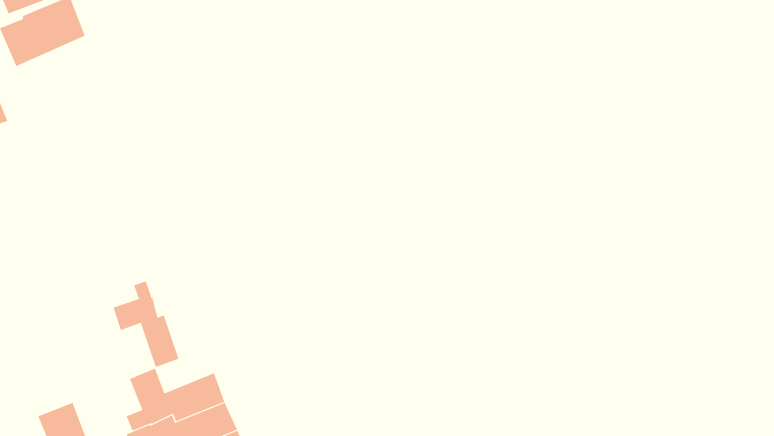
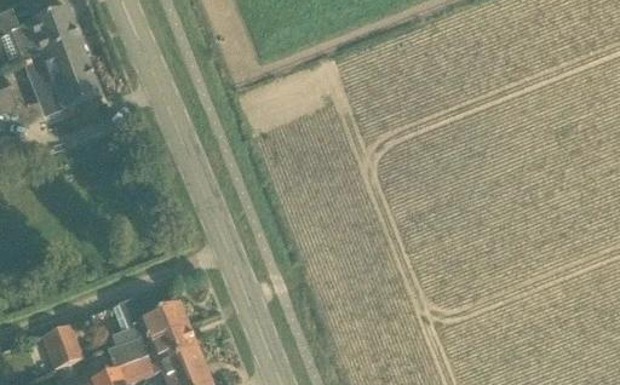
building: none -> [23,40,99,113]
building: [113,280,179,368] -> none

